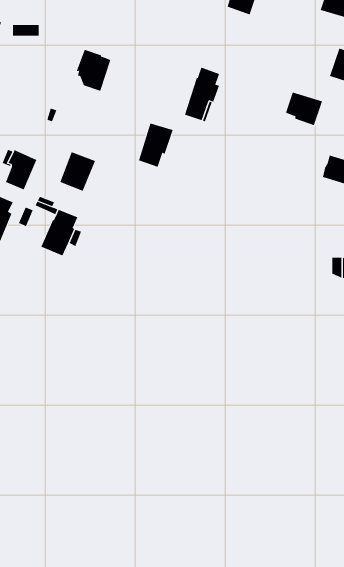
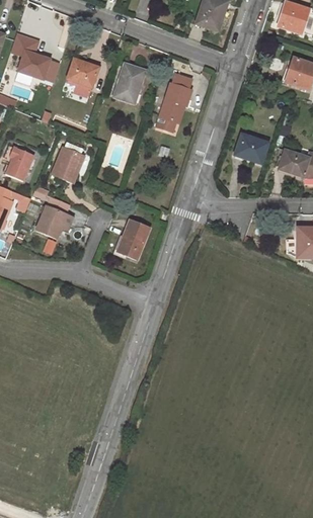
building: none -> [19,53,49,78]
building: [285,92,323,126] -> [235,134,267,163]
building: [138,123,173,168] -> [114,64,145,102]
building: none -> [118,219,150,258]

